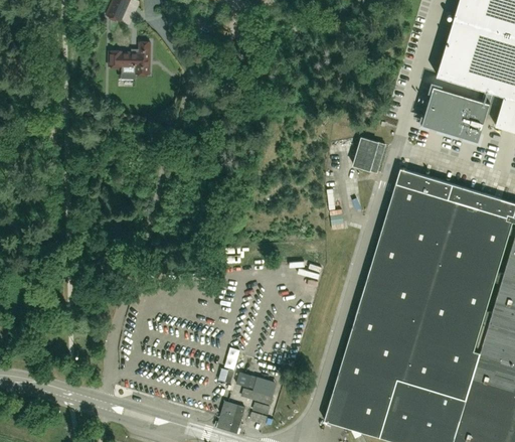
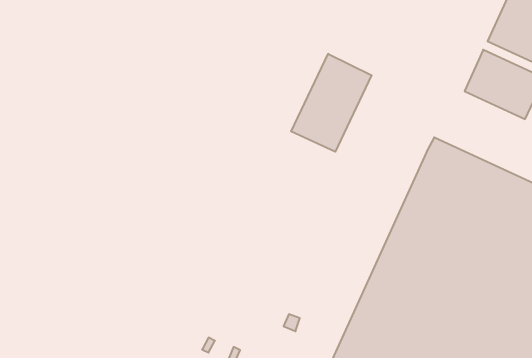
building: none -> [291,54,372,152]
building: [353,137,387,173] -> none

